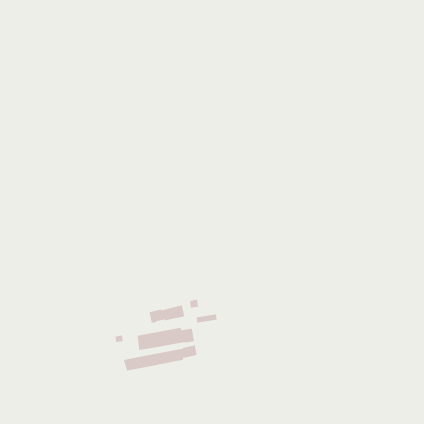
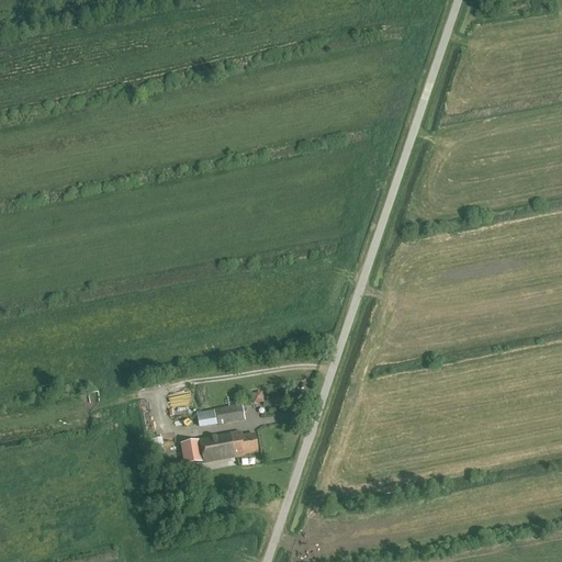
building: [123,345,198,371] -> none

